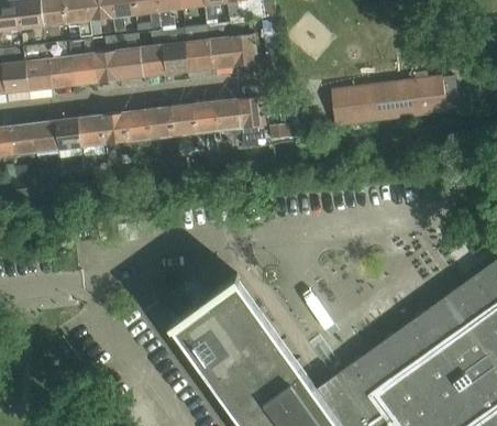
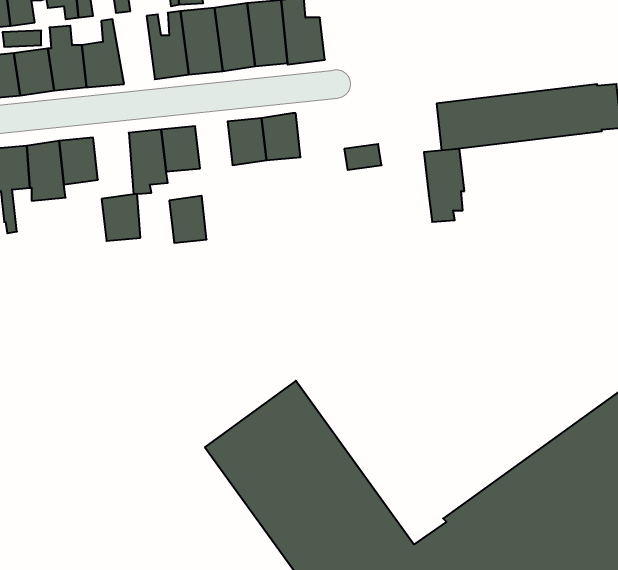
building: [111,33,140,78] -> none
building: [235,97,263,146] -> [424,149,464,222]
building: [167,105,192,136] -> [169,196,207,243]
building: [98,112,124,144] -> [102,194,140,241]

